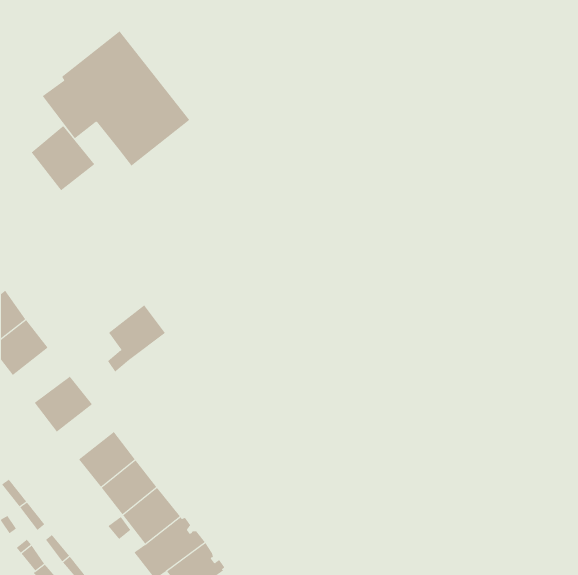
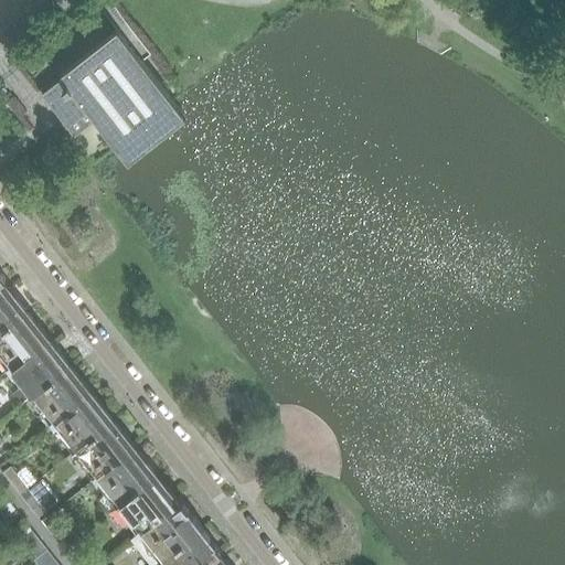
building: [31,125,95,191] -> none
building: [107,305,166,373] -> [11,342,68,408]
building: none -> [55,397,111,451]

